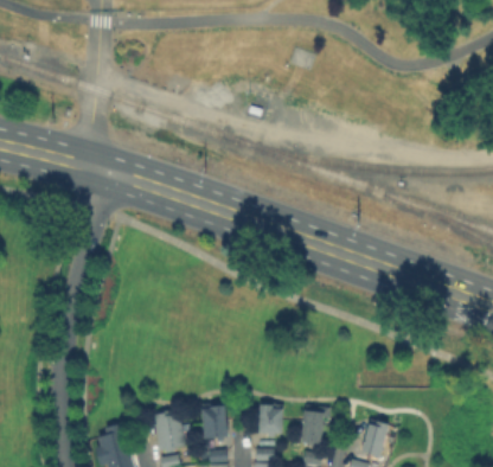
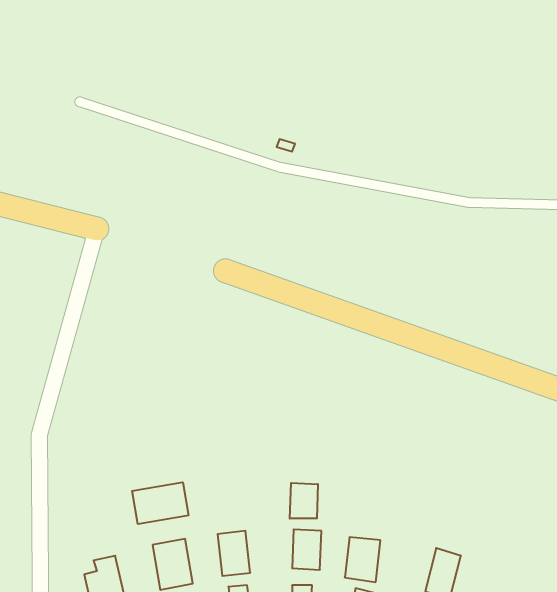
building: none -> [132,482,188,524]
building: none -> [290,483,318,519]

